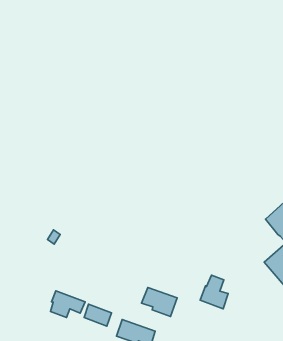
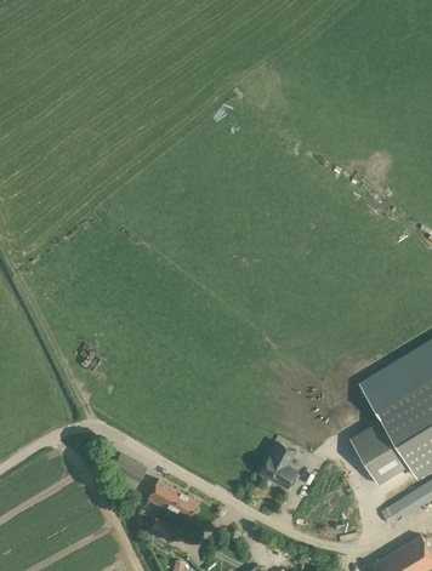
building: [142,287,177,317] -> none
building: [50,291,85,317] -> none

